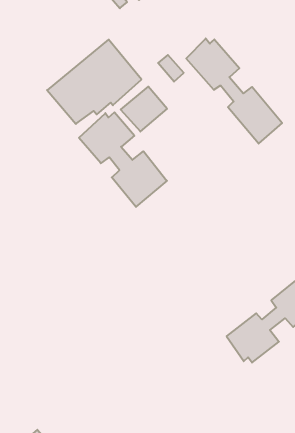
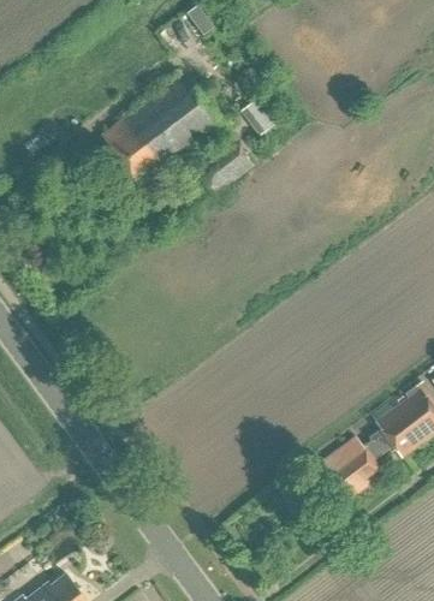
building: [186,38,282,144] -> none
building: [79,112,167,207] -> none

